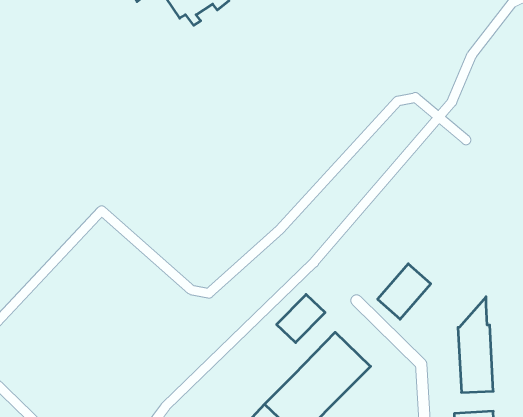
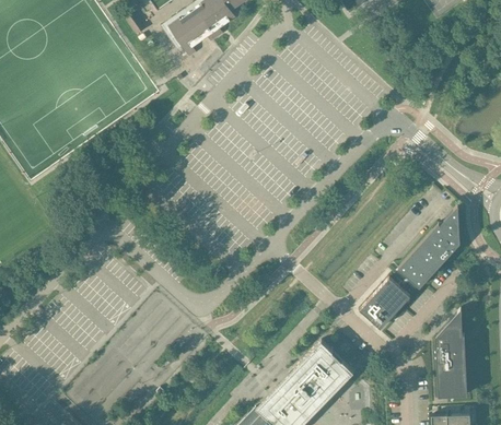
building: none -> [398,205,461,287]
building: [277,294,325,343] -> none

